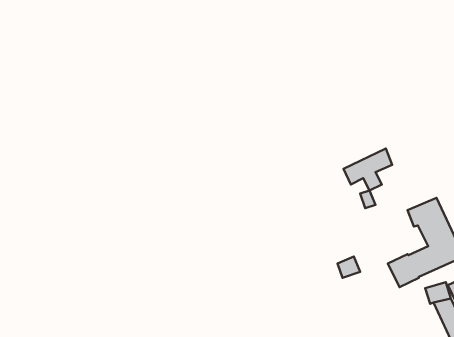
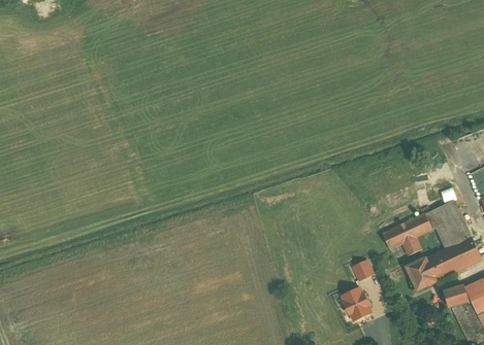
building: [344,148,392,191] -> [383,211,431,253]
building: none -> [345,285,378,320]

